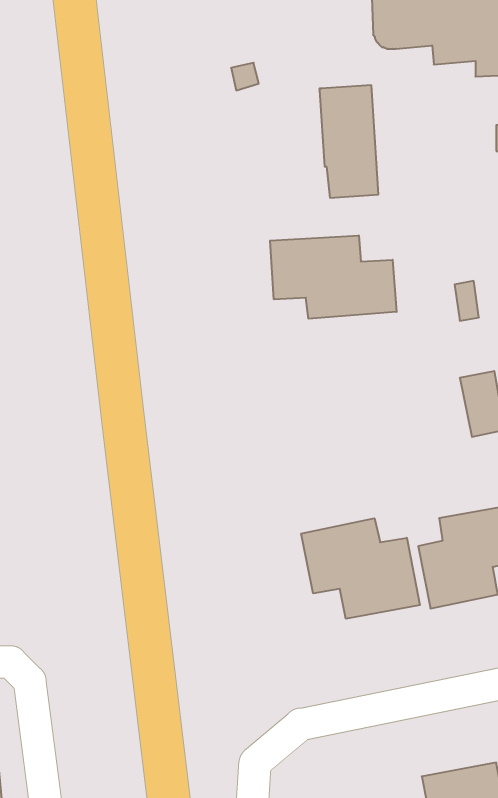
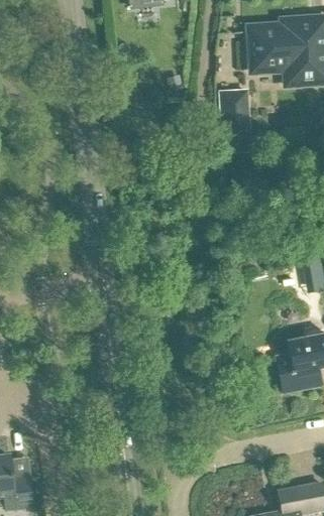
building: [270,235,397,319] -> none
building: [301,518,420,619] -> none

